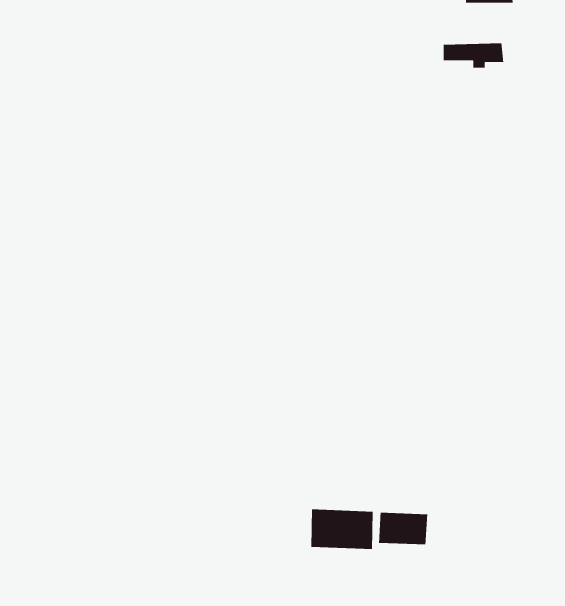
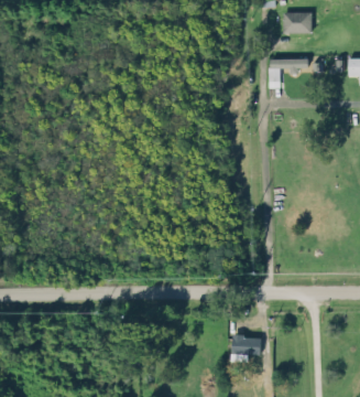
building: [311,509,374,550] -> none

